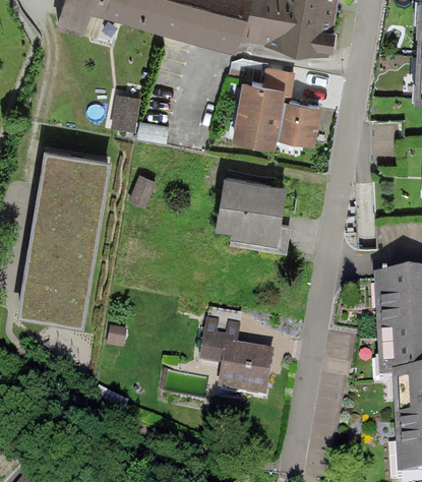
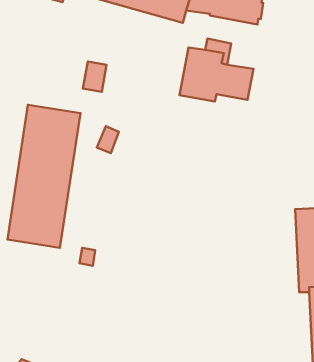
building: [215,173,287,244] -> none
building: [198,313,274,403] -> none

